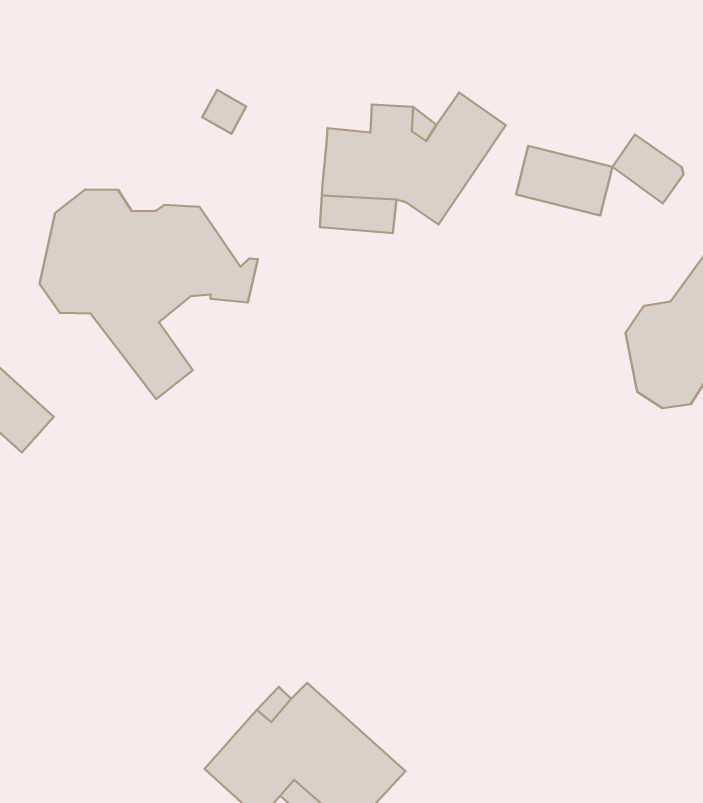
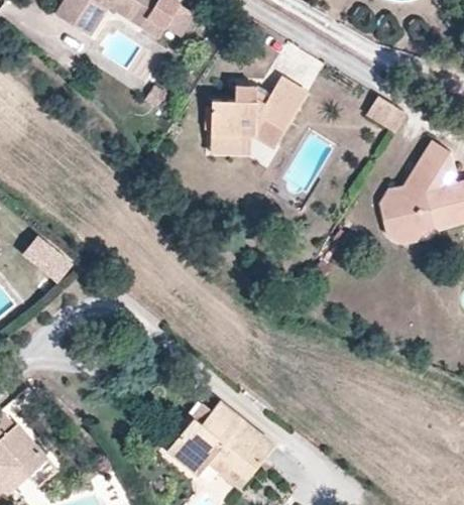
building: [516,146,612,216] -> none
building: [40,190,258,399] -> none

